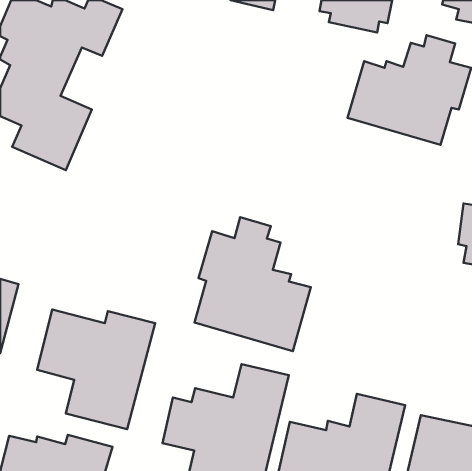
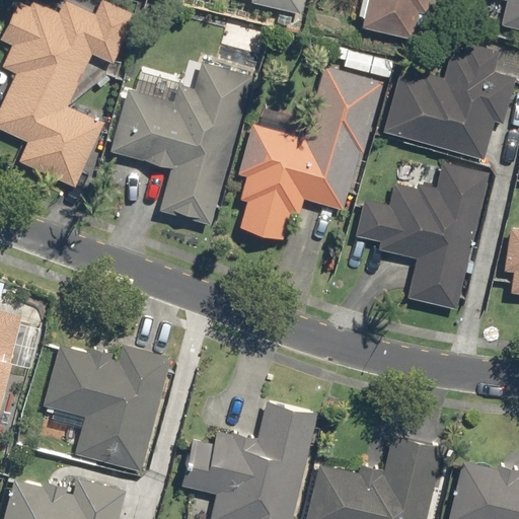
building: none -> [108,61,254,226]
building: none -> [237,65,384,240]
building: none -> [356,161,490,310]
building: [194,217,311,351] -> none

